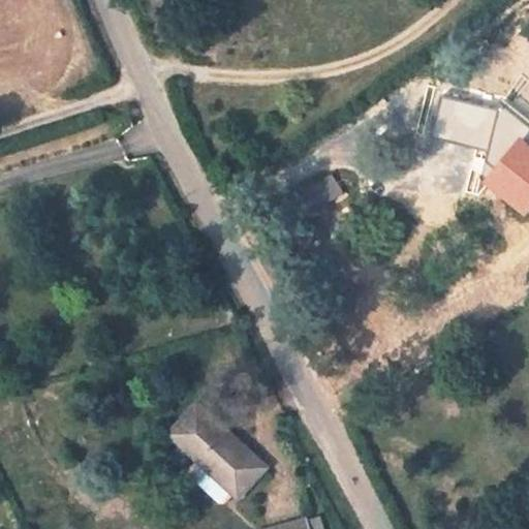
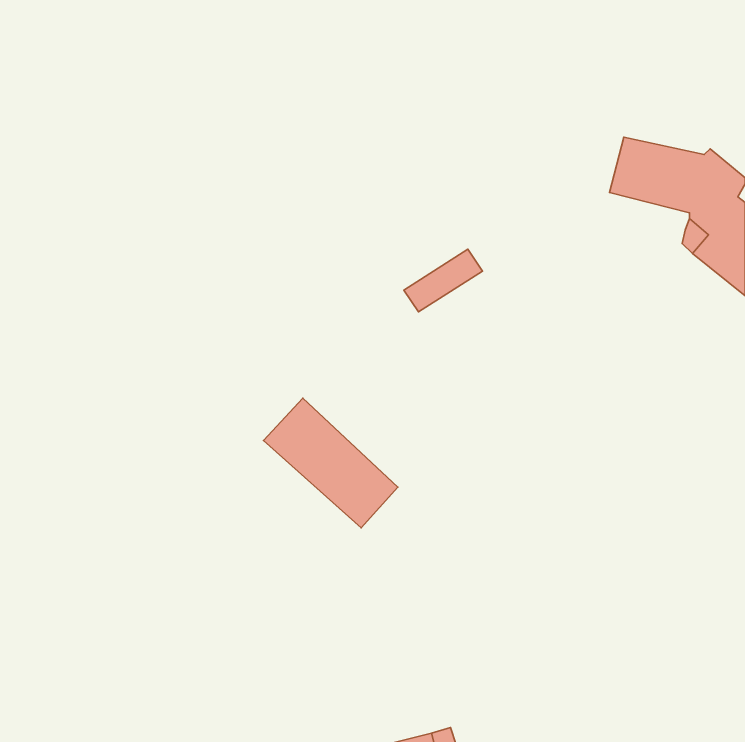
building: [170,406,266,498] -> [264,398,398,528]

